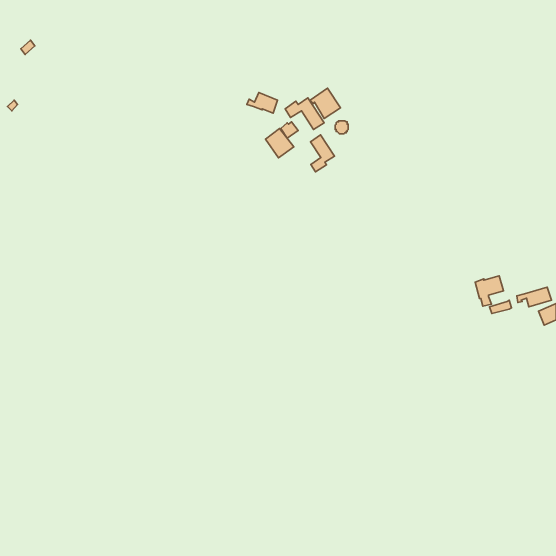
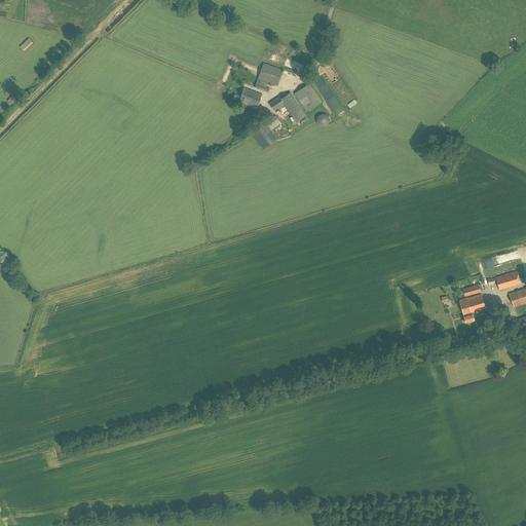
building: none -> [255,63,284,92]
building: [311,135,334,172] -> none
building: [475,276,504,306] -> [459,294,486,323]

